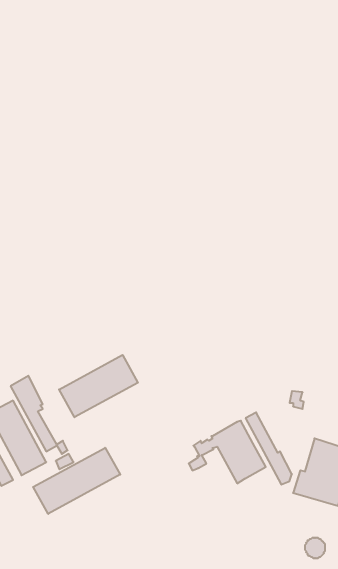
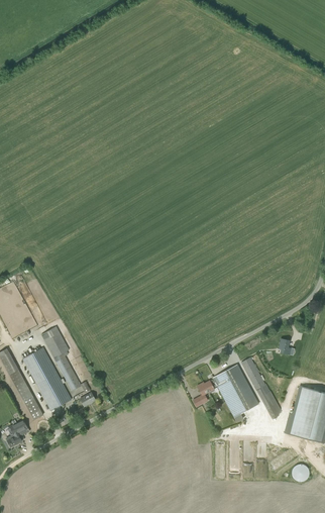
building: [59,355,138,417] -> none
building: [33,448,120,514] -> none

